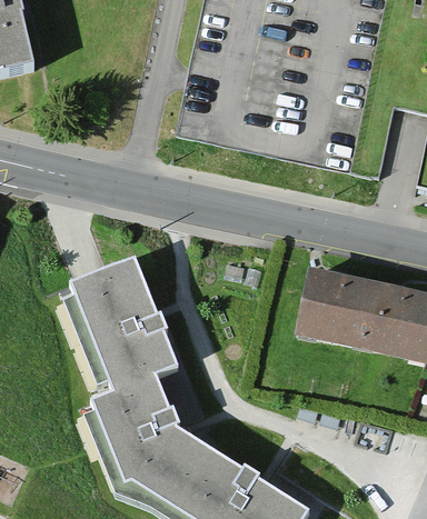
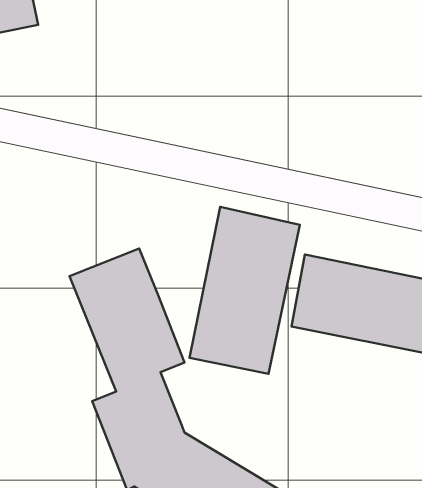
building: none -> [190,207,300,374]

